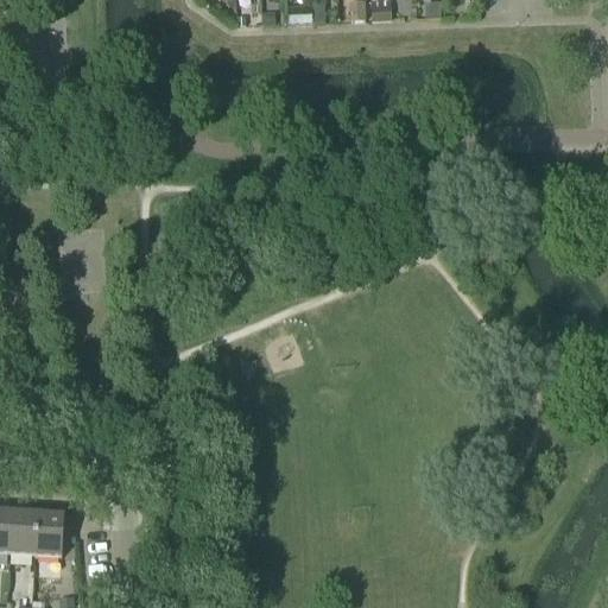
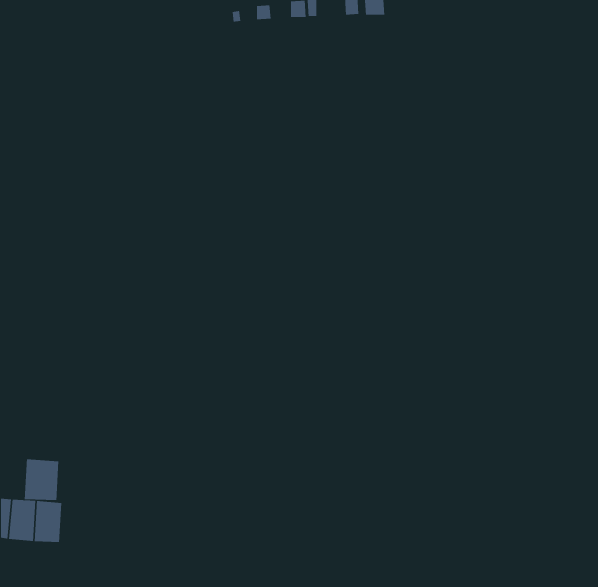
building: none -> [24,459,59,501]

